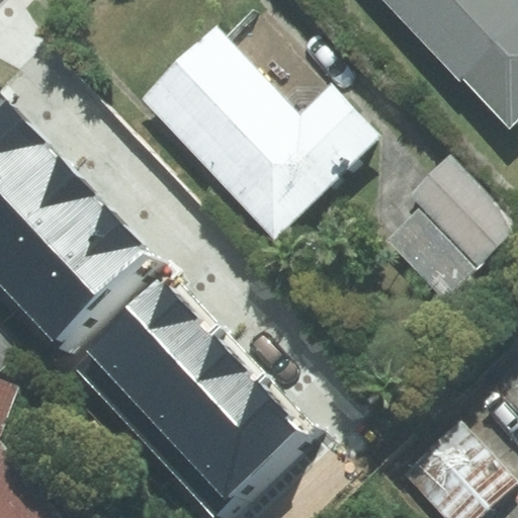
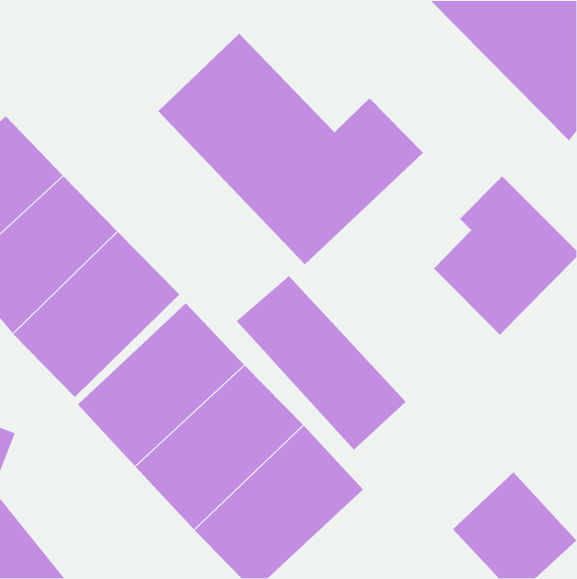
building: none -> [236,275,406,451]

